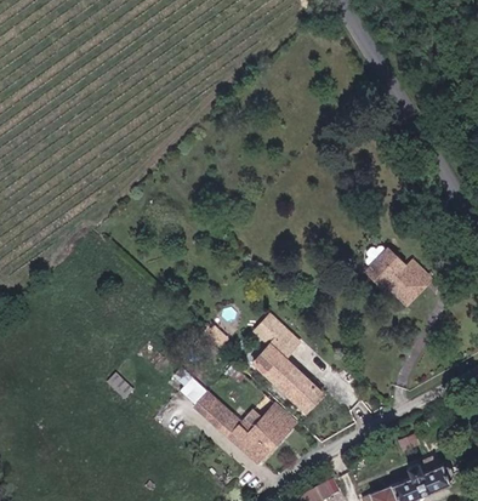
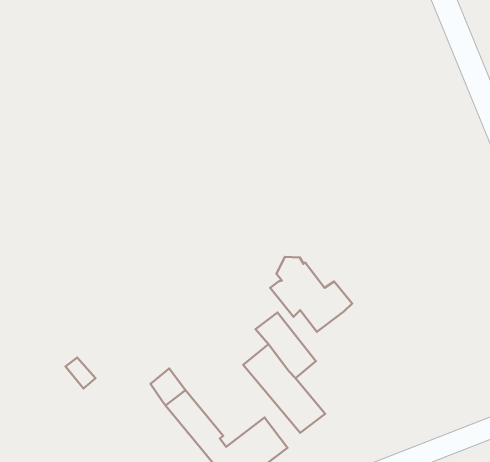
building: [366,245,434,303] -> [270,257,352,332]

